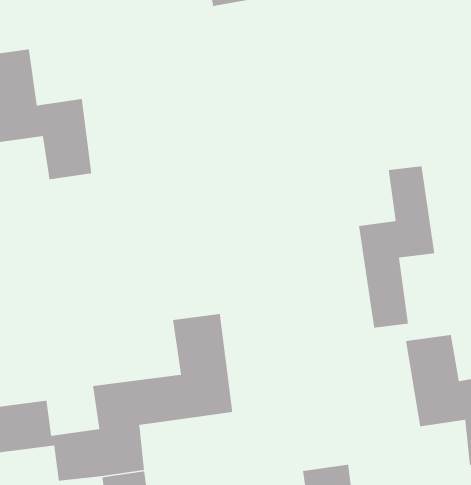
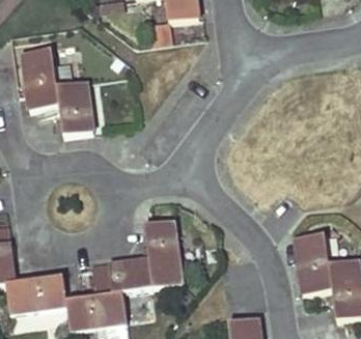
building: [358,166,435,329] -> none

